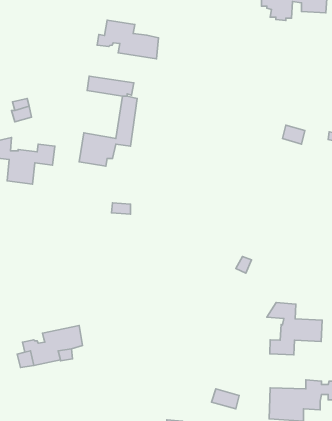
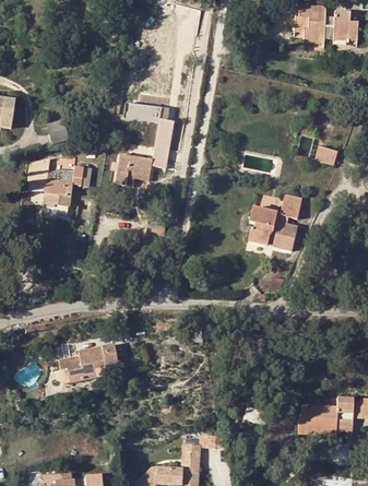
building: [97,20,159,59] -> none
building: none -> [247,195,301,250]
building: [267,303,322,355] -> none

